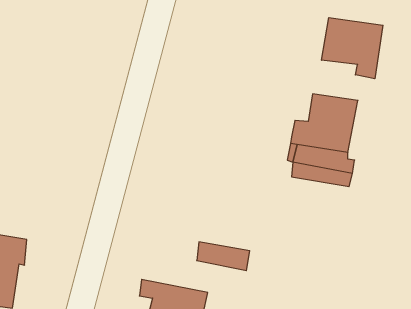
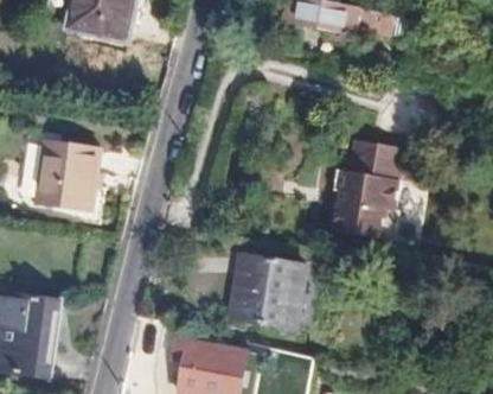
building: [322,18,383,79] -> none
building: none -> [37,139,102,205]
building: none -> [238,256,310,309]

